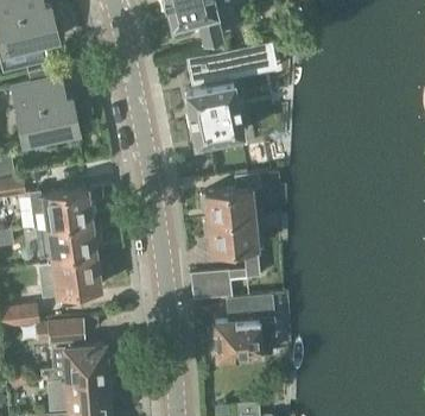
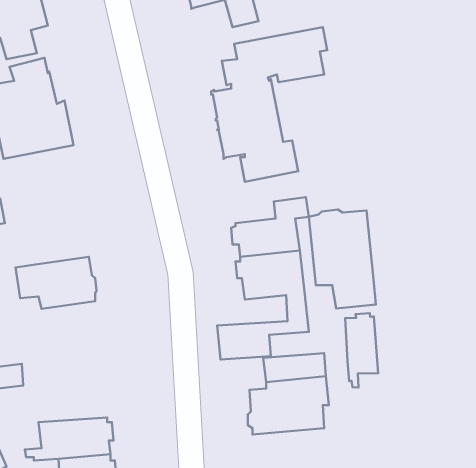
building: none -> [309,210,376,308]
building: [30,189,93,228] -> none
building: [51,254,100,295] -> none
building: none -> [345,313,378,387]
building: [37,321,85,346] -> none

